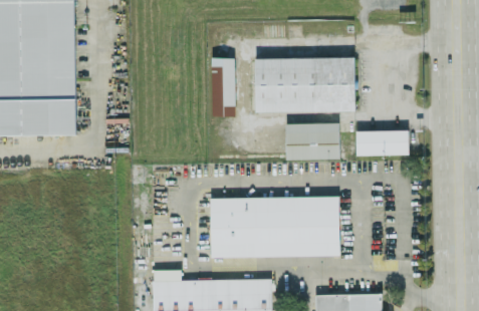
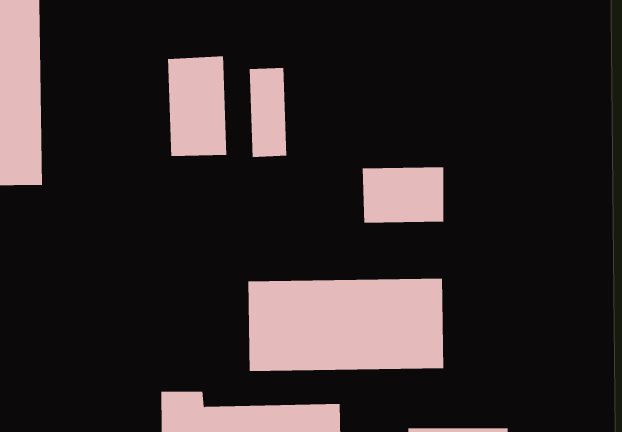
building: none -> [168,55,227,157]
building: [254,57,355,113] -> none
building: [355,130,408,156] -> none

